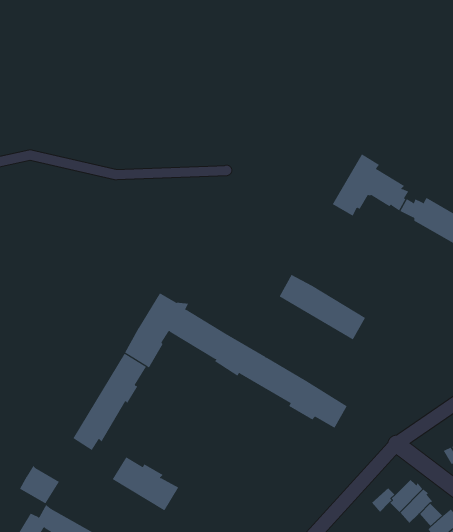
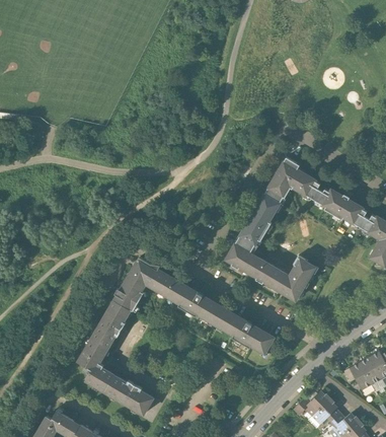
building: none -> [234,193,280,251]
building: none -> [279,257,315,300]
building: [19,465,60,504] -> [85,363,114,391]

